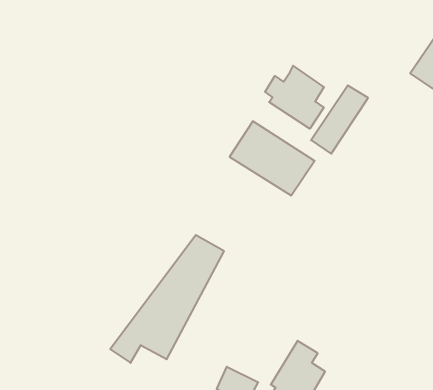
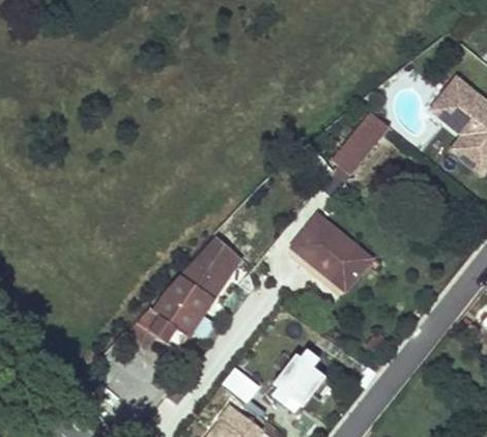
building: [265,66,324,129] -> none
building: [230,121,315,195] -> [292,215,371,288]

